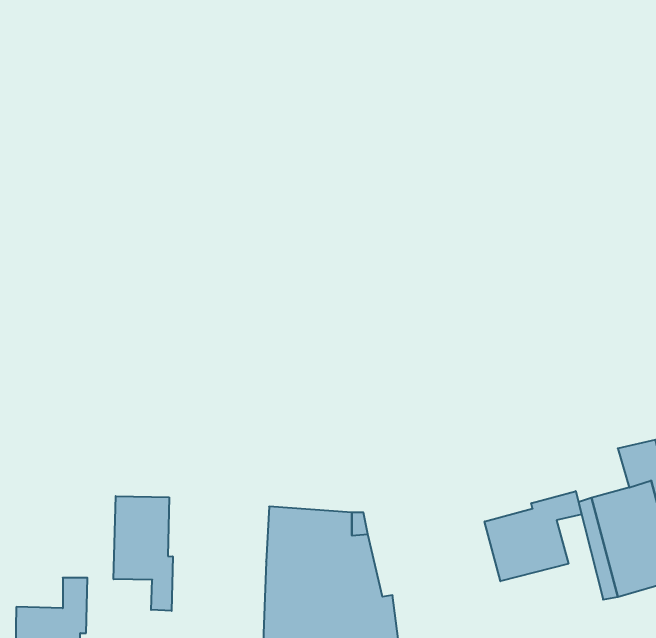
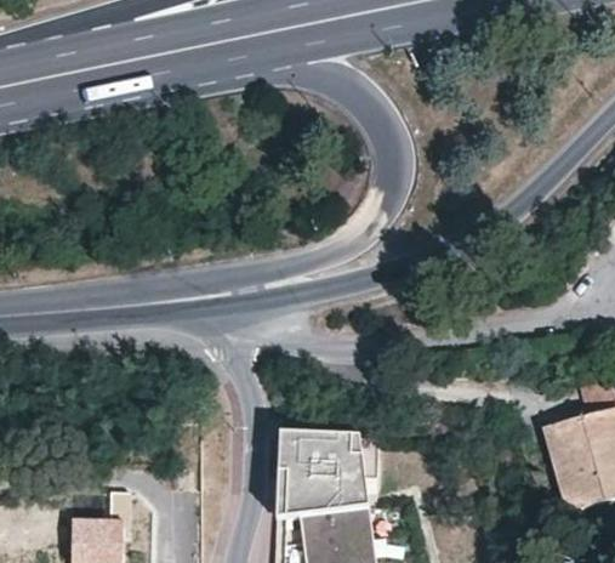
building: [485,491,581,581] -> none
building: [114,496,173,611] -> none

